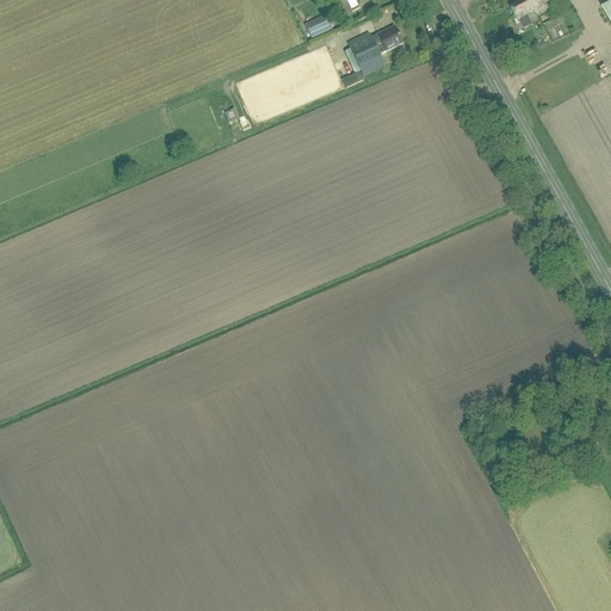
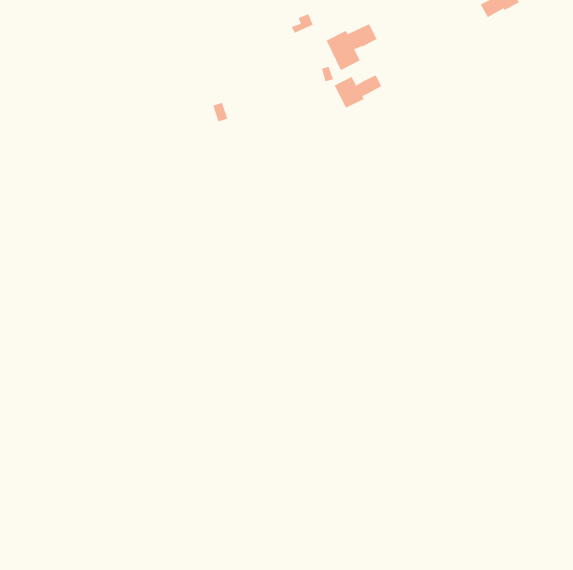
building: none -> [334,74,382,108]

